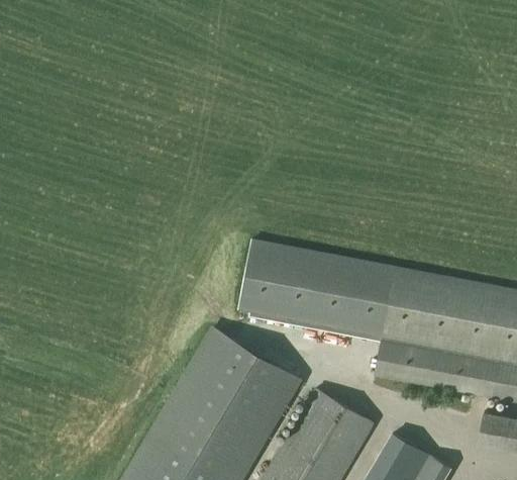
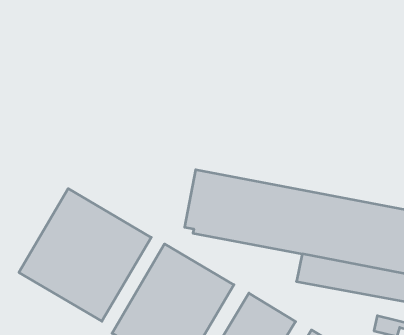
building: none -> [19,189,151,321]

